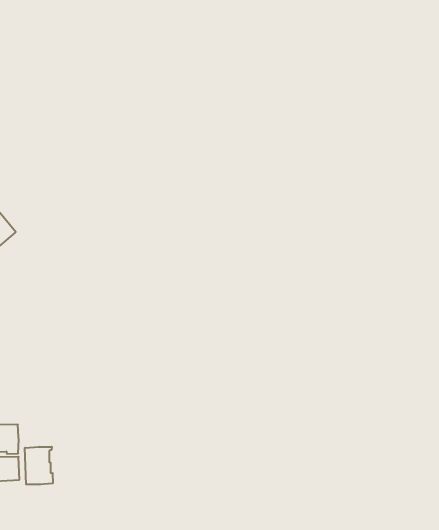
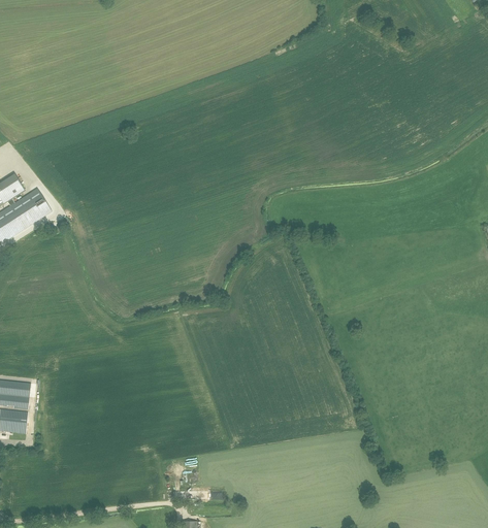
building: [25,447,53,485] -> none

